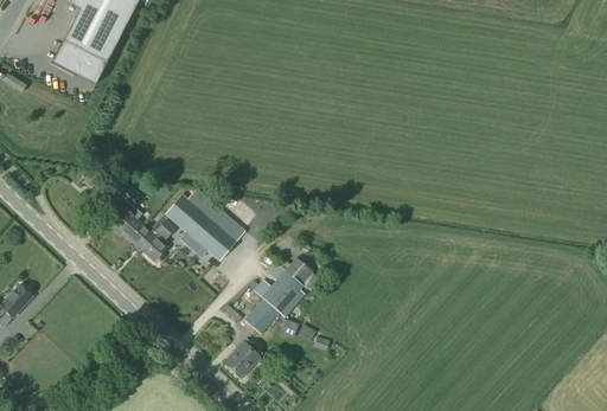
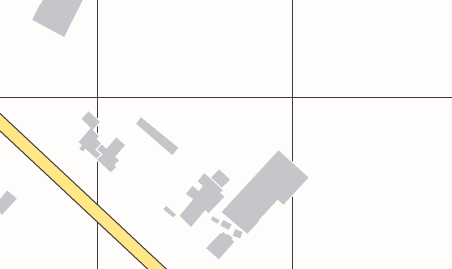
building: [165,194,237,261] -> none
building: none -> [221,149,310,235]
building: [223,339,262,377] -> [205,231,235,260]

